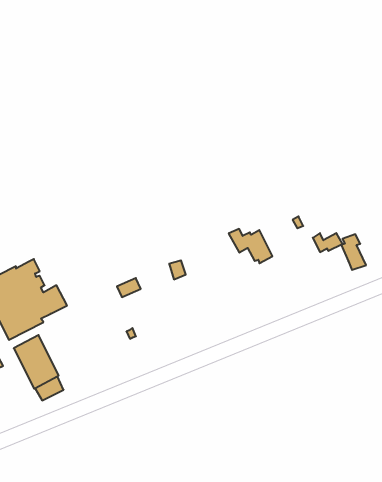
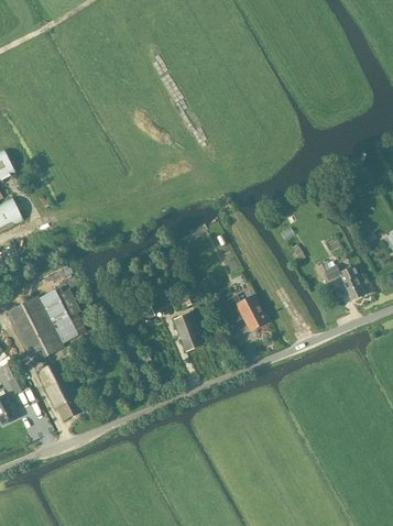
building: [229,229,272,263] -> [225,297,265,329]
building: none -> [174,313,203,351]

